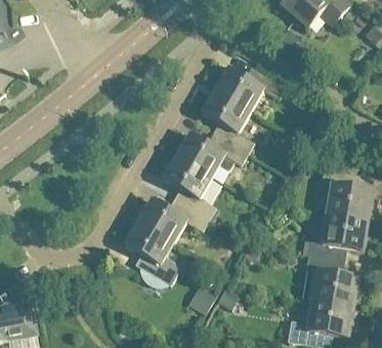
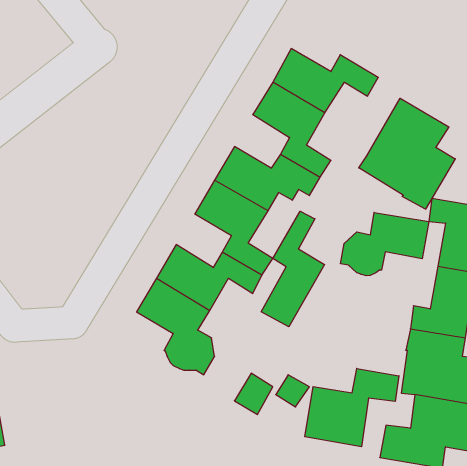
building: none -> [359,98,455,209]
building: none -> [261,211,325,327]
building: none -> [341,212,429,276]
building: none -> [305,368,399,447]

